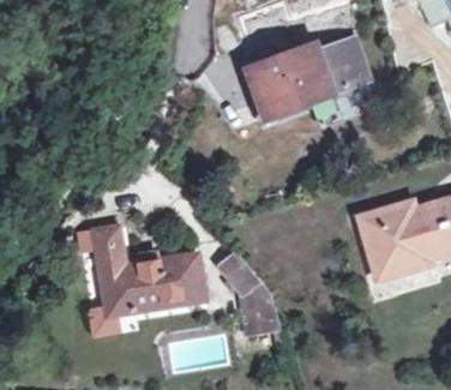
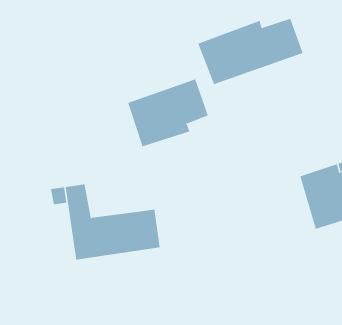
building: none -> [128,78,208,147]
building: [220,252,278,332] -> none

